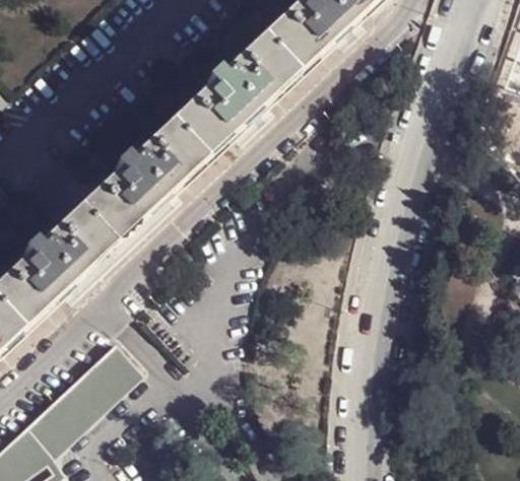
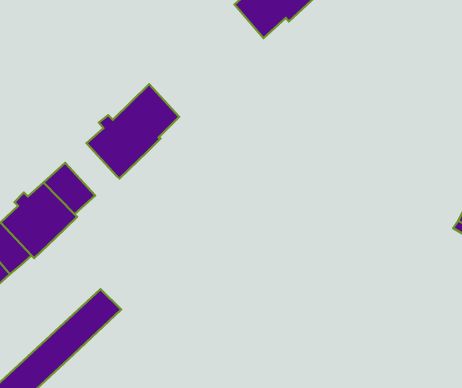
building: [168,38,291,159] -> none
building: [76,188,132,245] -> none

